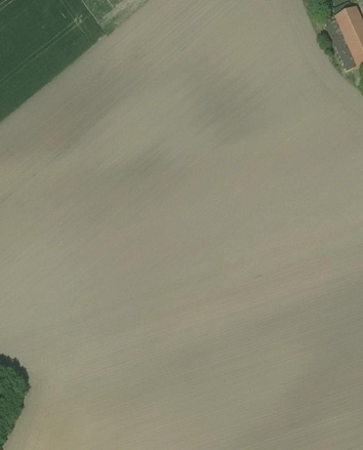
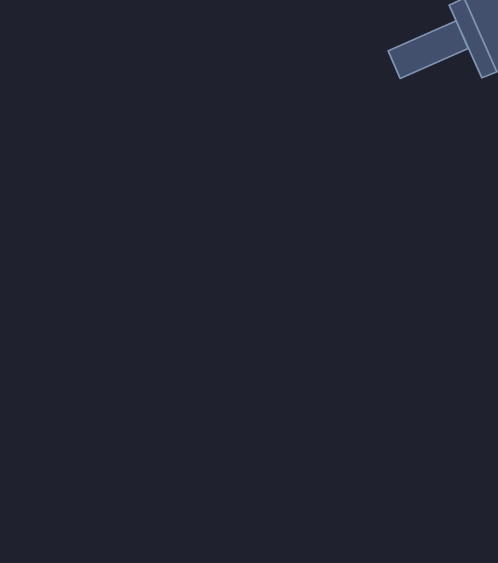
building: none -> [388,21,468,78]

